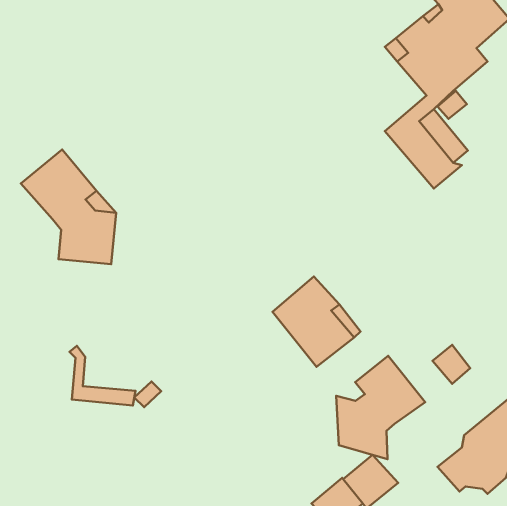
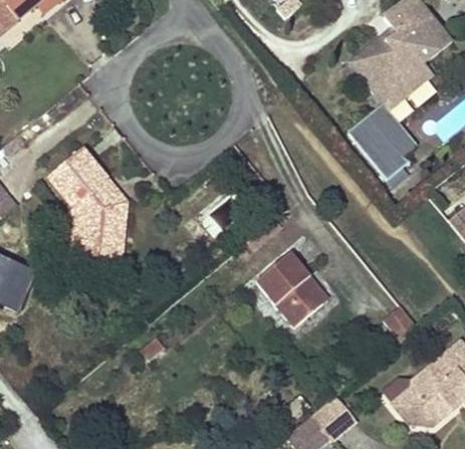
building: [69,346,135,406] -> [69,203,124,252]
building: [336,356,425,459] -> none

